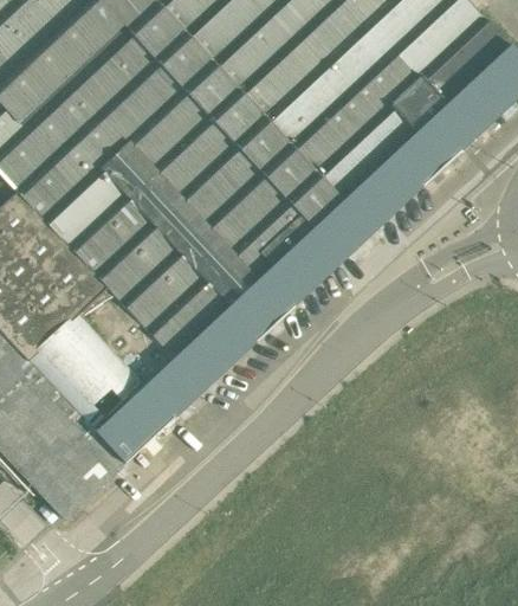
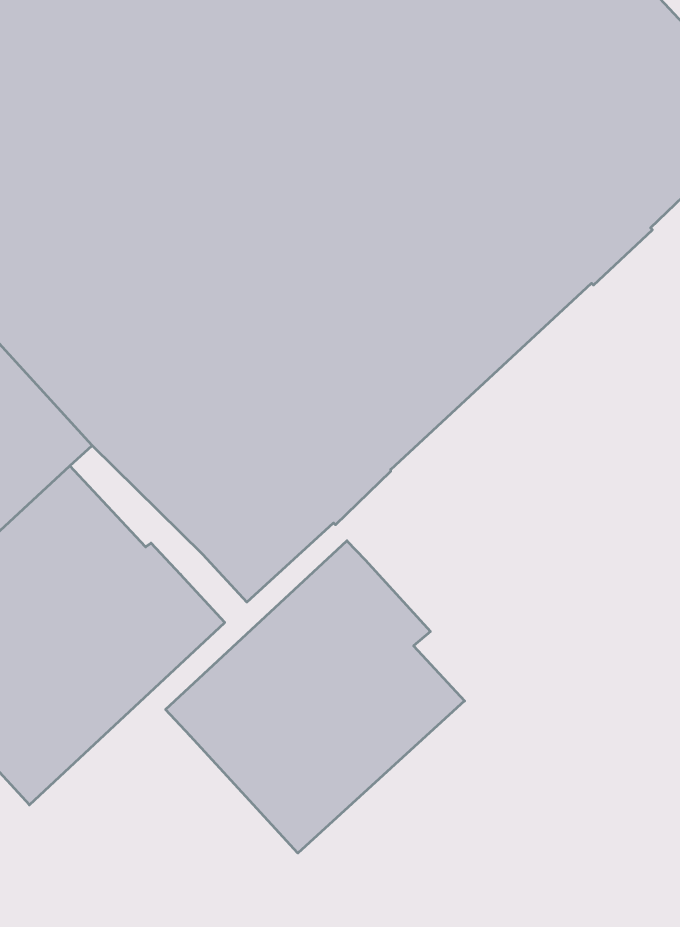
building: none -> [166,541,465,853]
building: [161,357,203,401] -> none

